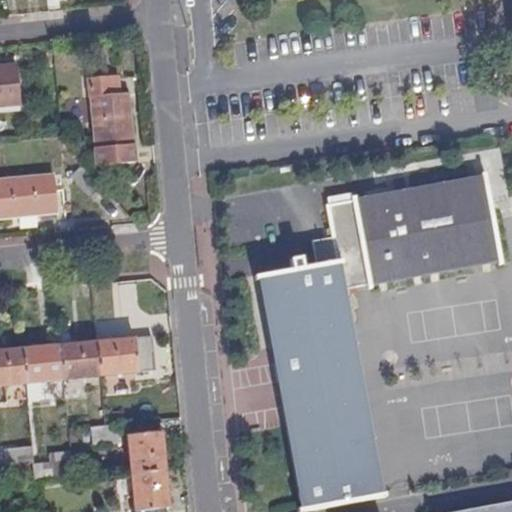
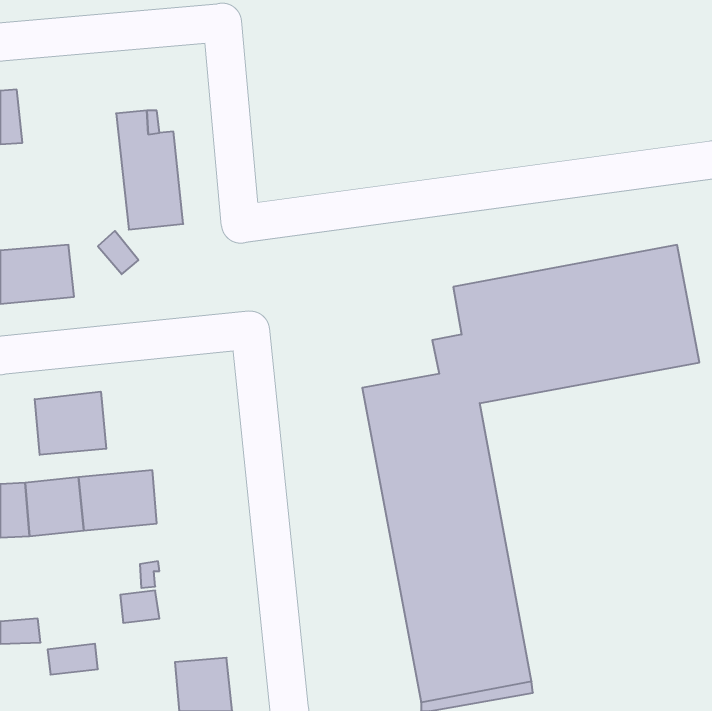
building: none -> [35,392,106,455]
building: [111,333,153,374] -> none
building: [123,432,164,473] -> none

